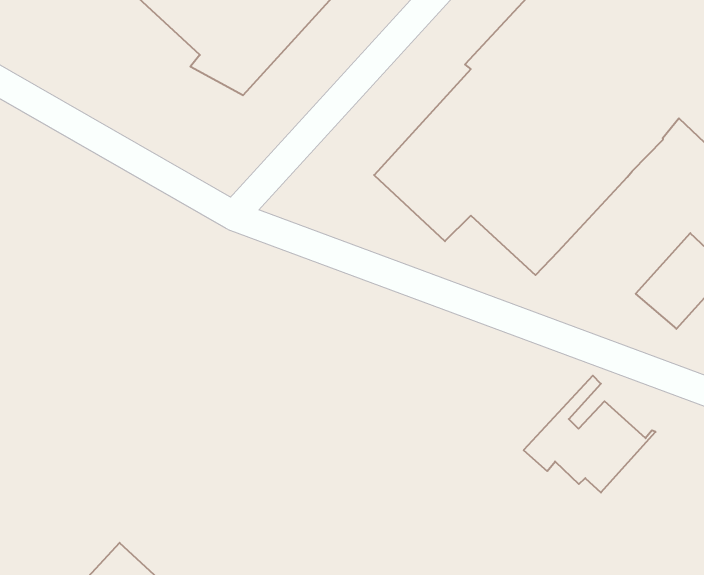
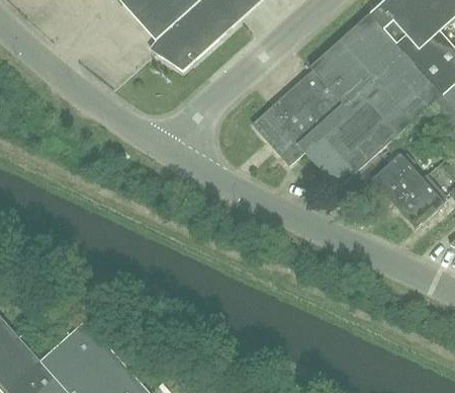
building: [524,376,656,493] -> [352,138,428,205]

